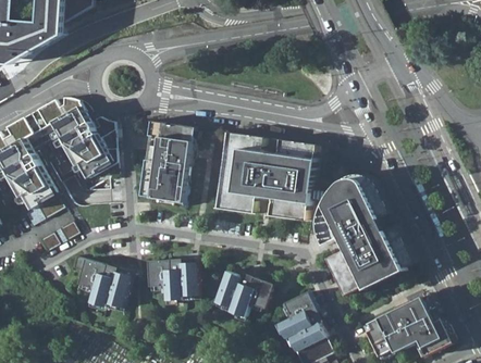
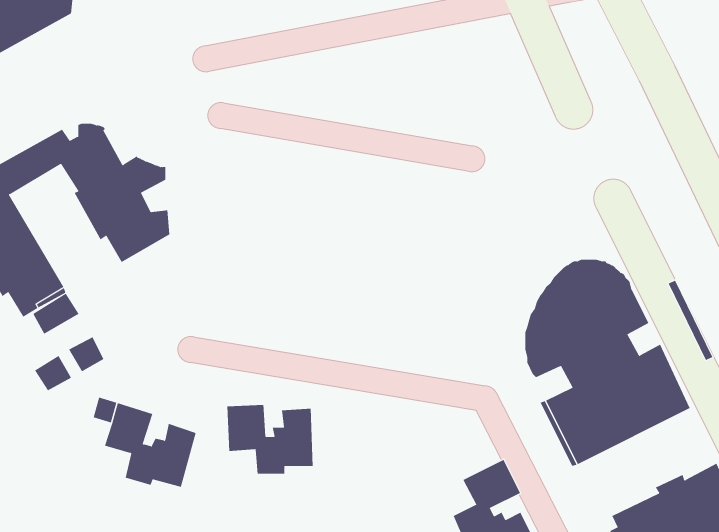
building: [139,122,194,203] -> none
building: [215,133,316,222] -> none
building: [213,271,272,317] -> none

